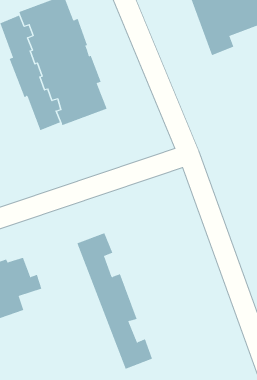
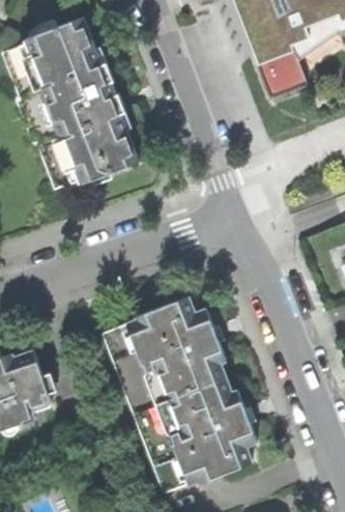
building: none -> [138,293,260,481]

